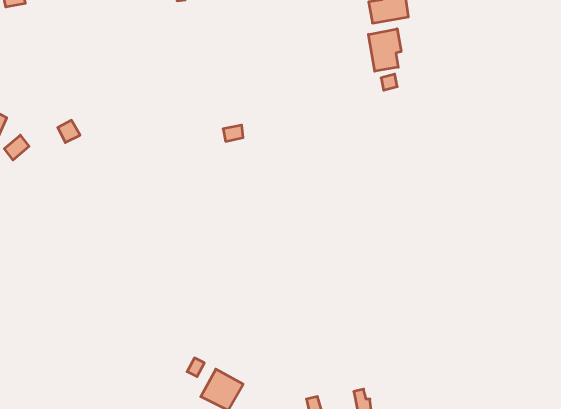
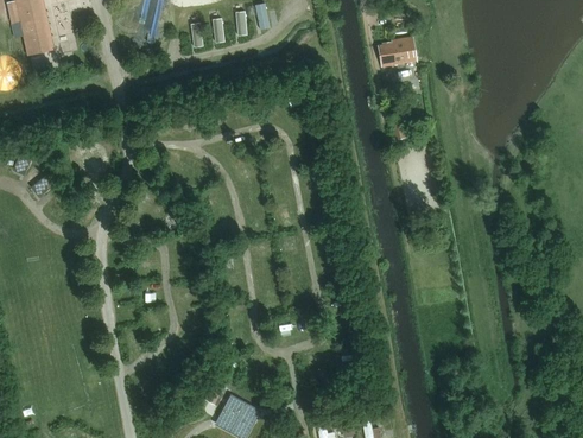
building: [368,29,401,71] -> none

